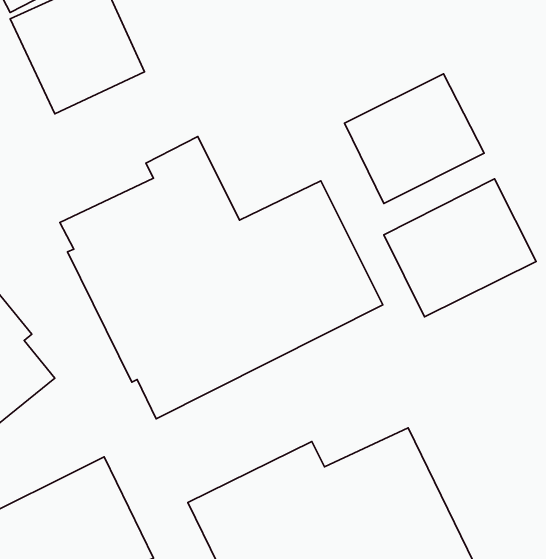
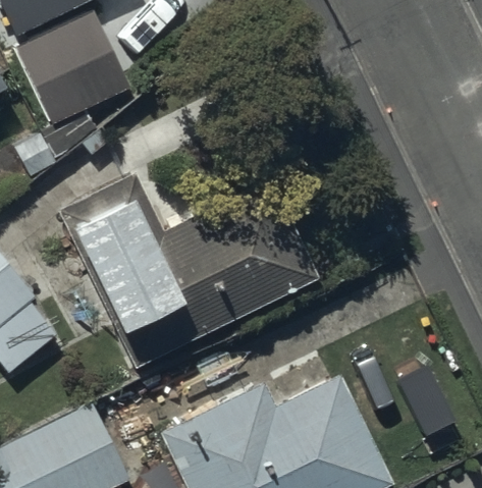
building: [344,74,484,203] -> none
building: [384,179,536,317] -> none

